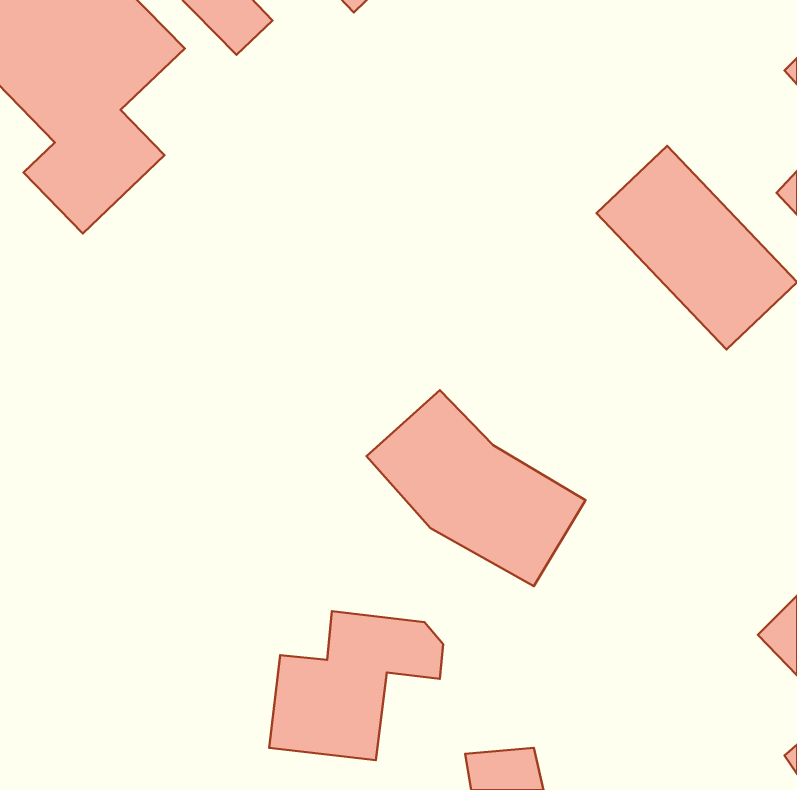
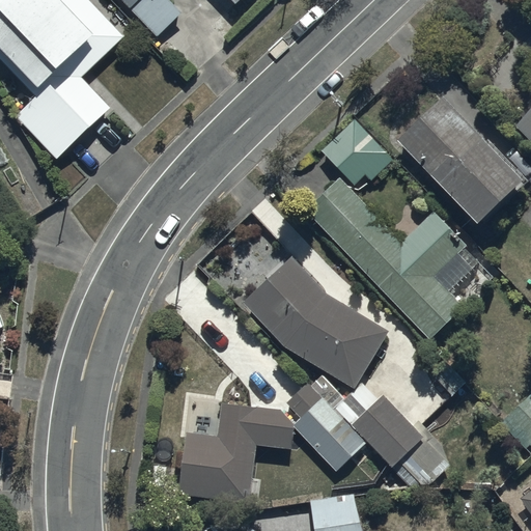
building: none -> [320,118,392,184]
building: none -> [305,177,478,340]
building: none -> [290,374,450,485]

